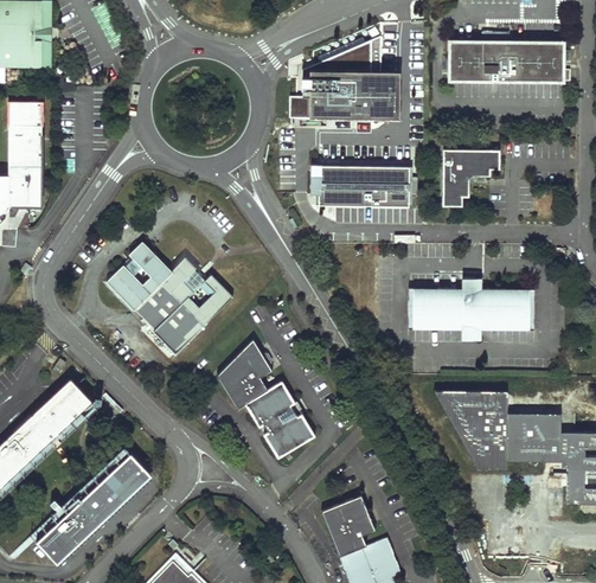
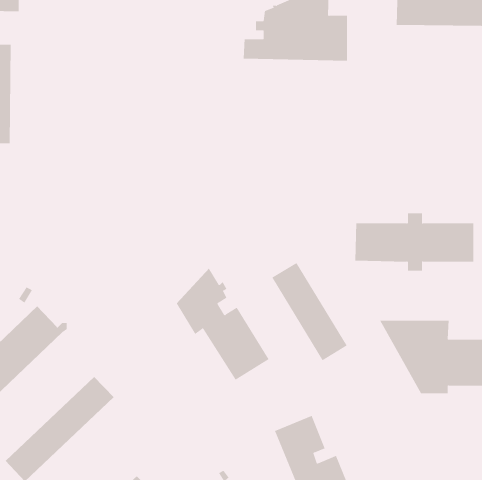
building: [443,147,500,204] -> none
building: [310,166,417,204] -> none
building: [102,242,233,355] -> none
building: none -> [272,262,347,361]

